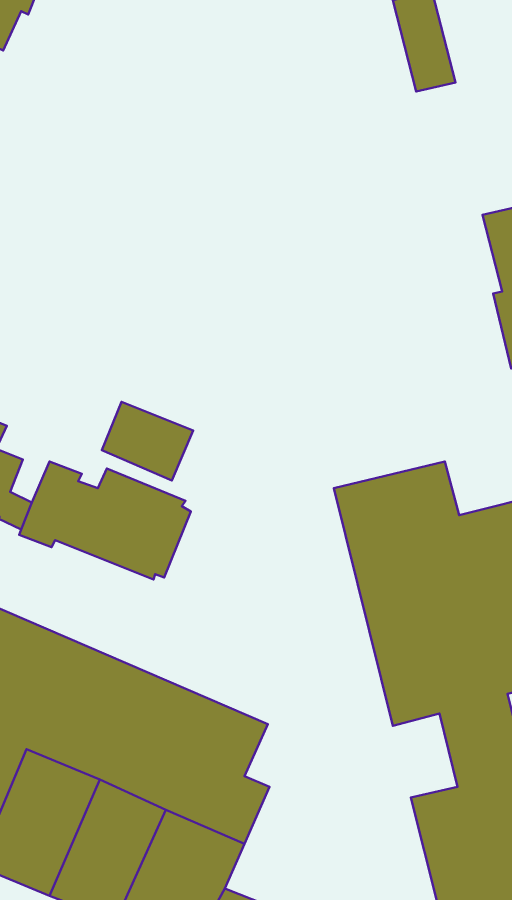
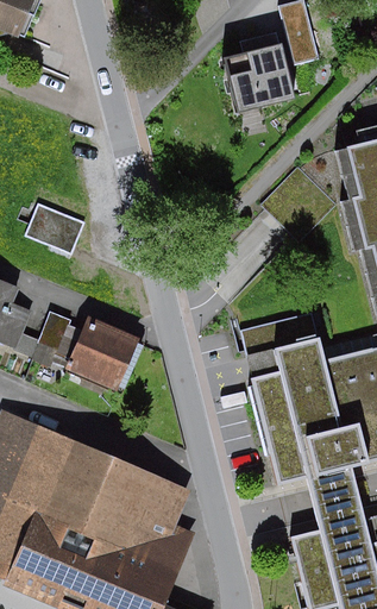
building: none -> [218,32,291,114]
building: [102,402,193,480] -> [23,205,83,257]

